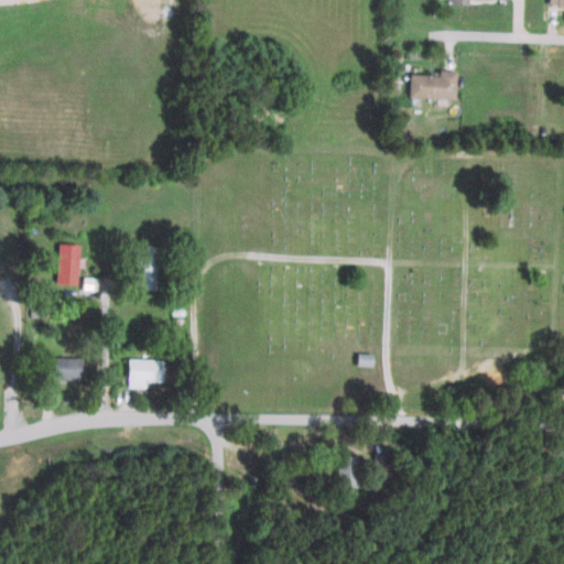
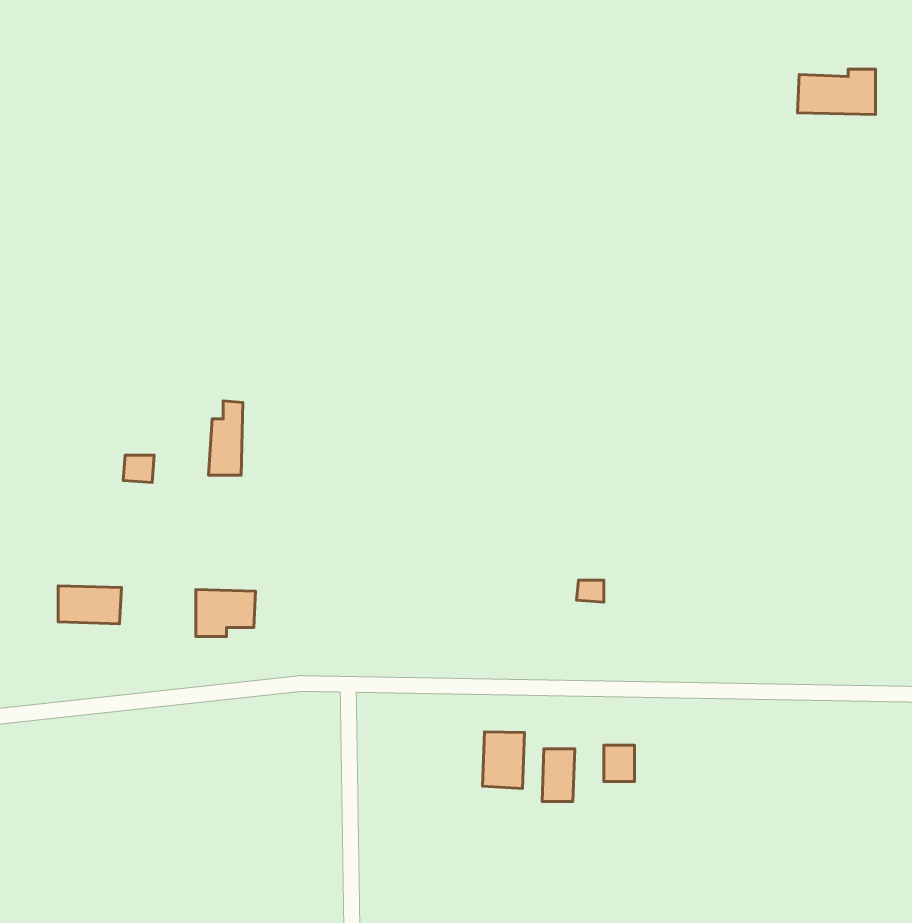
building: [411,72,458,99] -> [798,69,875,115]
building: [58,245,83,285] -> none
building: none -> [483,732,525,789]

